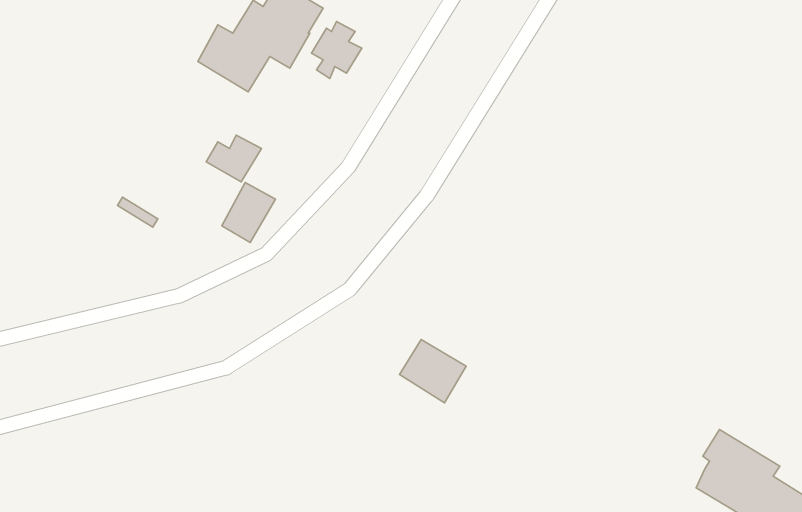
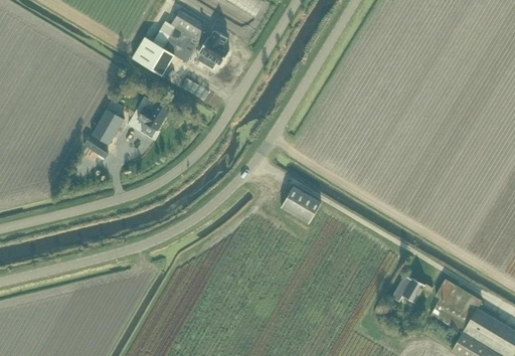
building: [222,182,275,243] -> [92,109,124,145]
building: [399,339,466,403] -> [281,186,321,224]
building: none -> [391,276,433,303]

